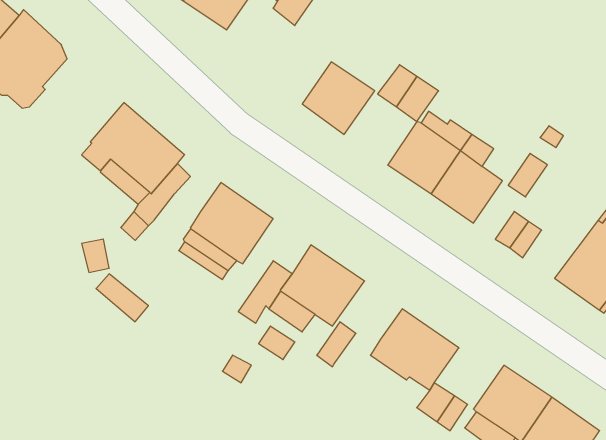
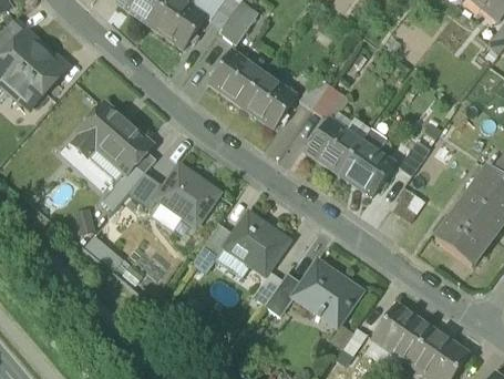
building: none -> [208,49,264,104]
building: none -> [128,173,164,207]
building: none -> [266,274,301,314]

